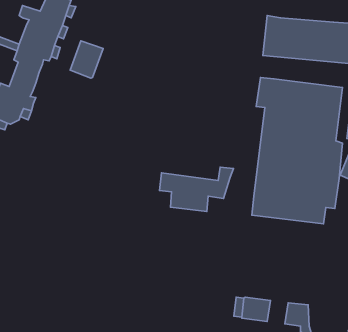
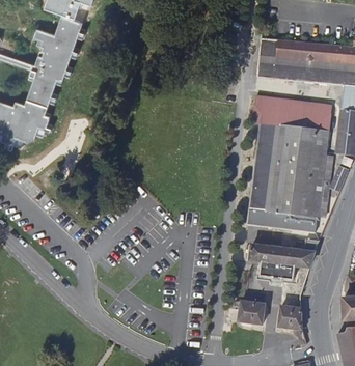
building: [70,41,103,78] -> none
building: [159,167,234,212] -> [251,240,321,281]

